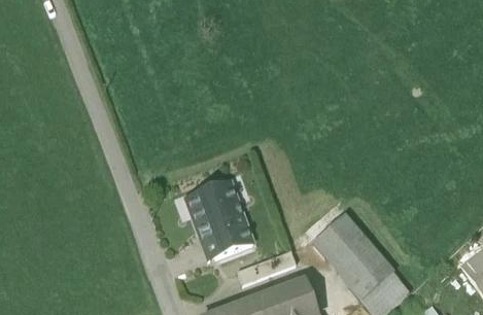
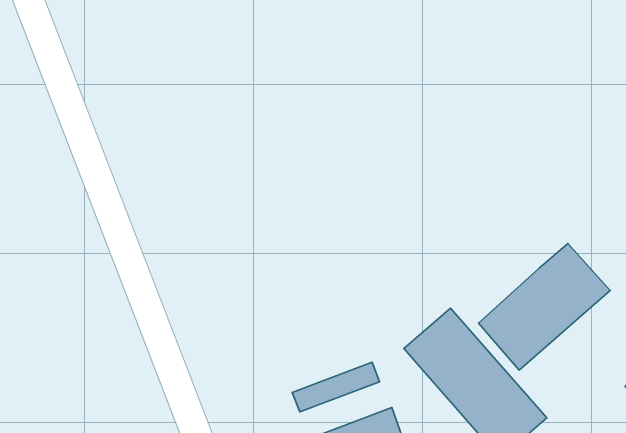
building: none -> [478,244,610,370]
building: [185,182,252,259] -> none

